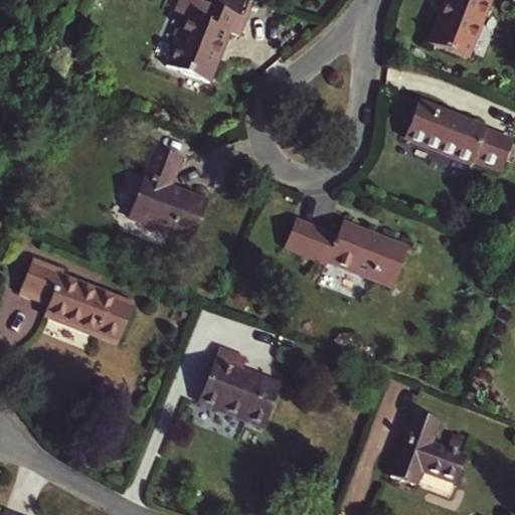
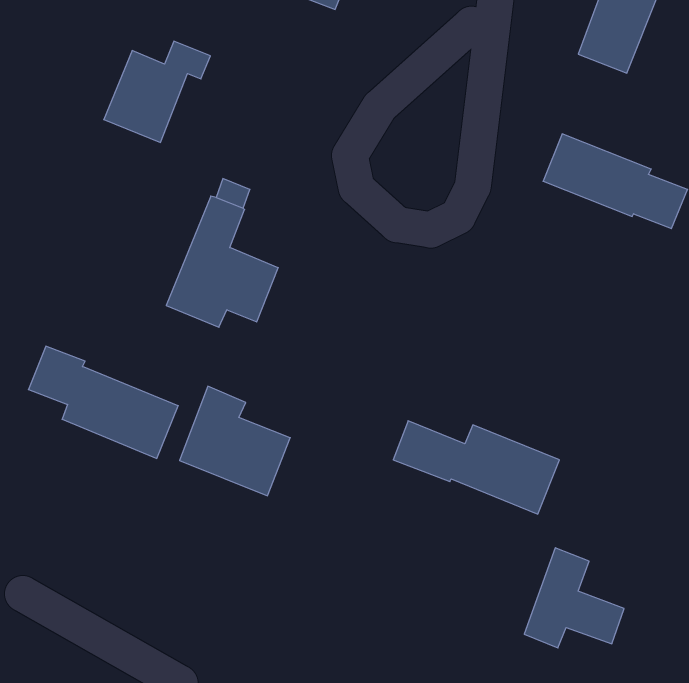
building: [168,4,247,79] -> [104,41,210,142]
building: [285,216,408,286] -> [393,421,559,514]
building: [199,344,282,425] -> [180,386,290,496]

